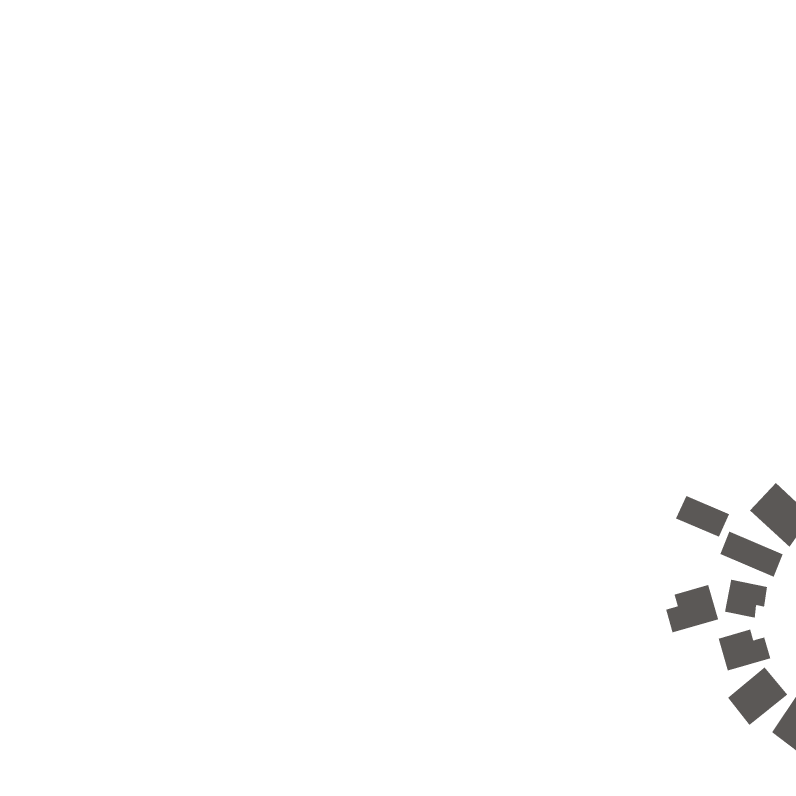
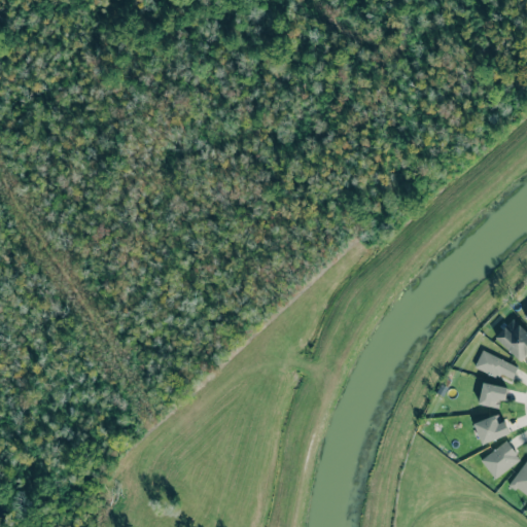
building: [675,495,730,538] -> none
building: [666,584,719,633] -> none

